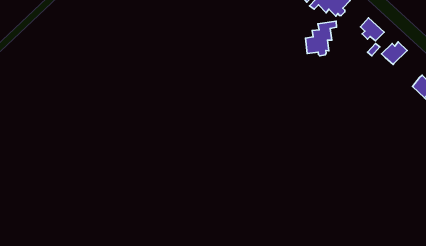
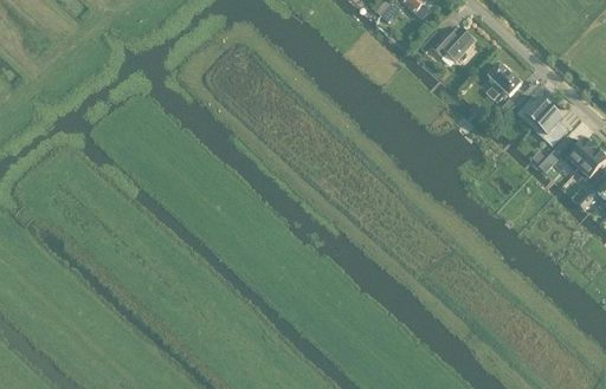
building: [306,21,336,56] -> none
building: none -> [531,108,568,142]

